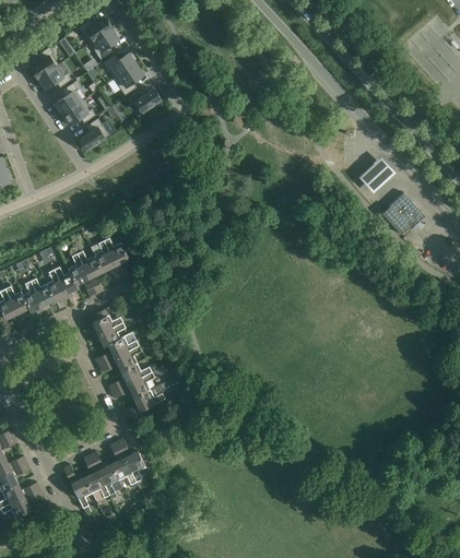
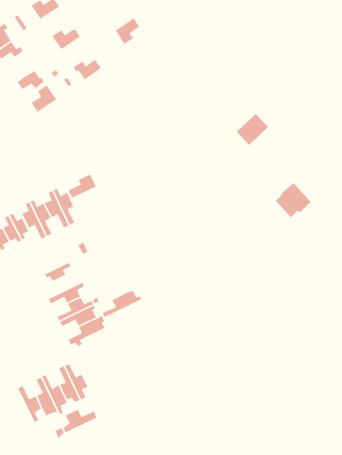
building: [89,28,118,60] -> none
building: [113,63,142,95] -> [114,17,140,45]
building: [54,83,82,115] -> none
building: [358,156,397,193] -> [236,114,269,146]
building: [381,192,424,234] -> [275,182,312,218]
building: none -> [68,173,97,199]
building: [91,309,126,336] -> none
building: [95,332,142,365] -> [102,290,143,318]
building: none -> [63,409,97,434]

